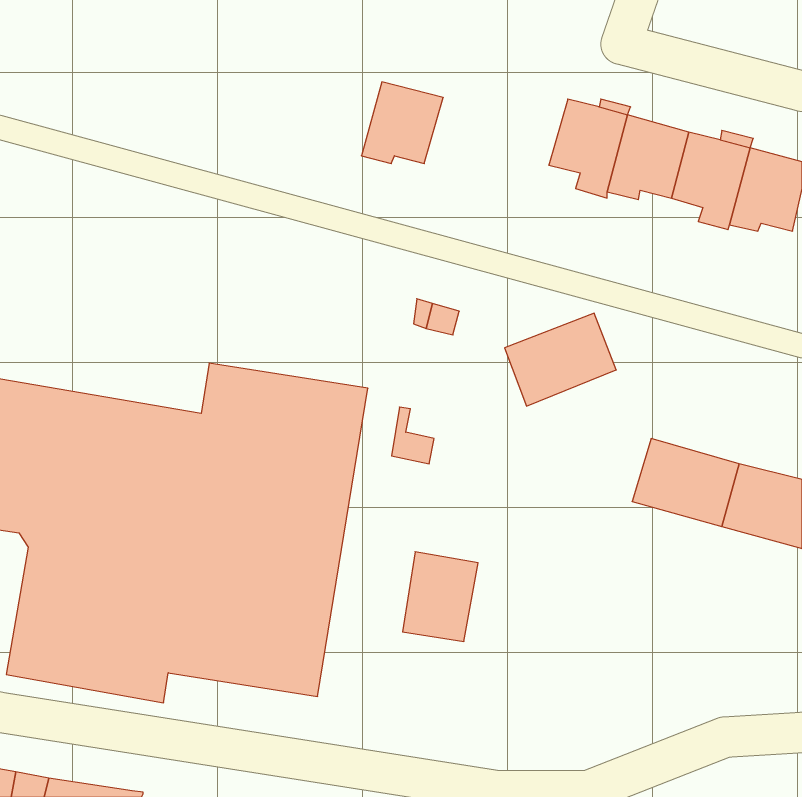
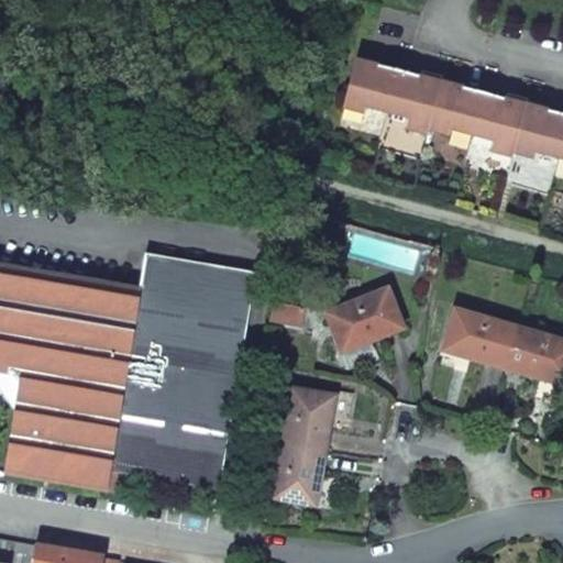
building: [361,82,443,164] -> [340,58,397,115]
building: [505,313,616,406] -> [324,287,402,352]
building: none -> [272,442,324,504]

